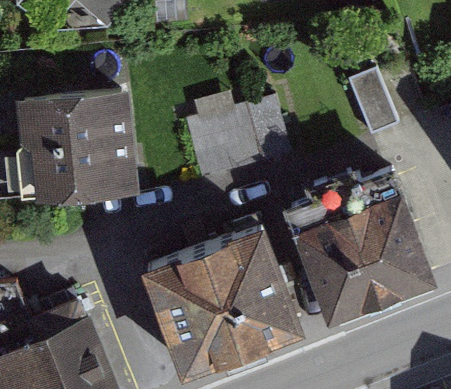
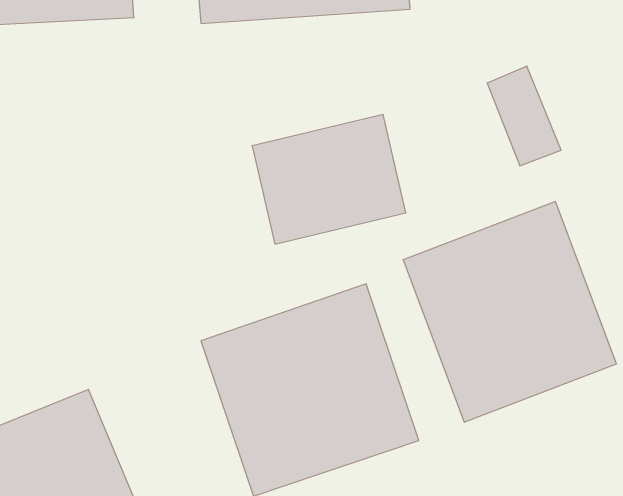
building: [18,95,140,215] -> none

